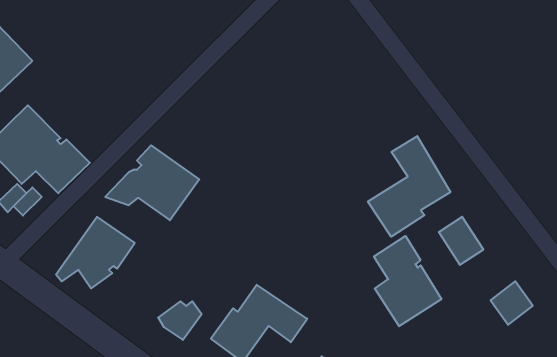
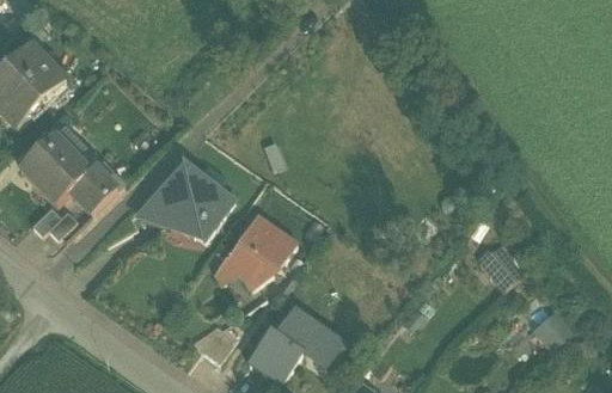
building: [368,136,450,237] -> none
building: [56,217,135,288] -> [216,217,296,290]
building: [374,236,441,326] -> none

